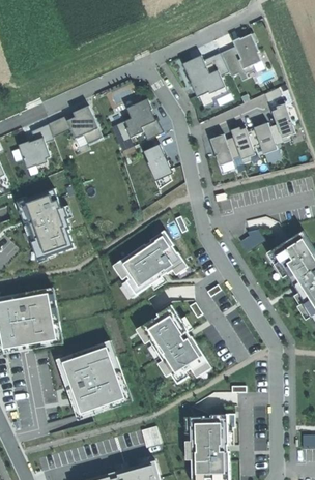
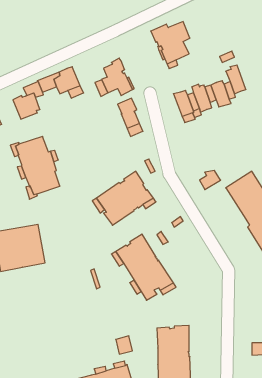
building: [220,33,261,81] -> none
building: [62,348,124,414] -> none

